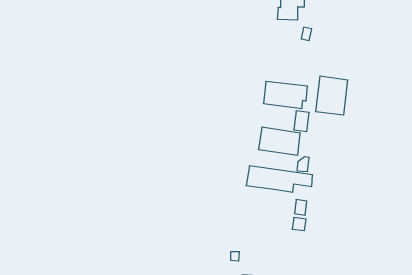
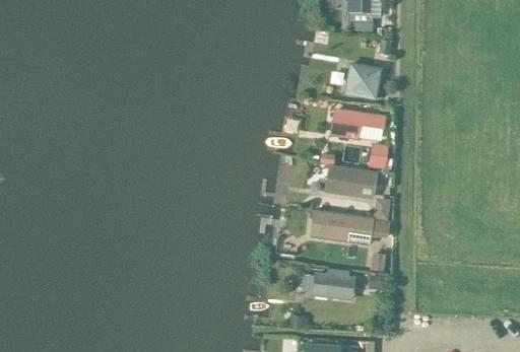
building: none -> [344,63,380,98]
building: [316,76,348,115] -> none
building: none -> [311,267,355,301]

